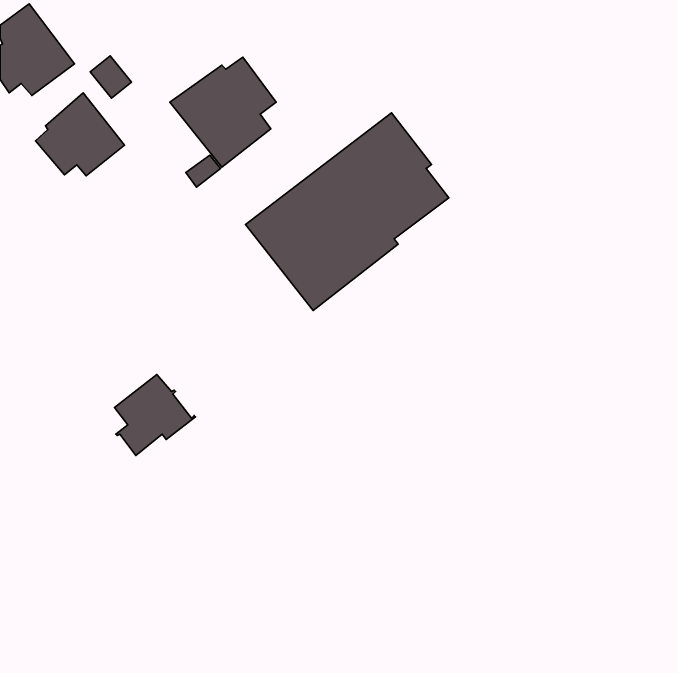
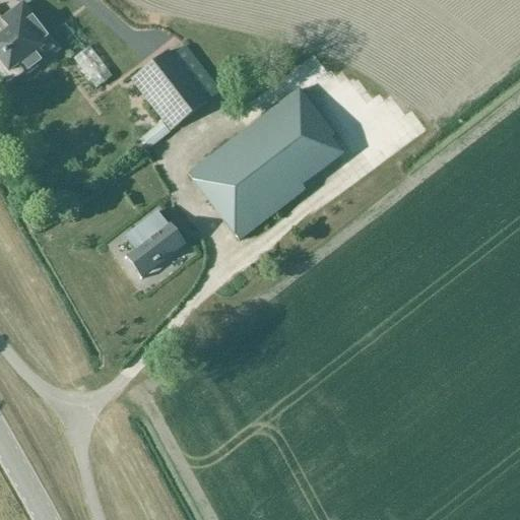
building: [36,93,124,176] -> none
building: [115,374,195,455] -> [125,209,187,271]

